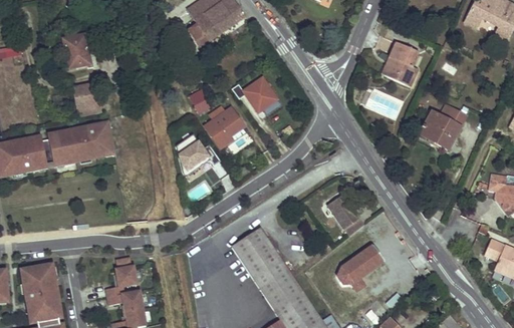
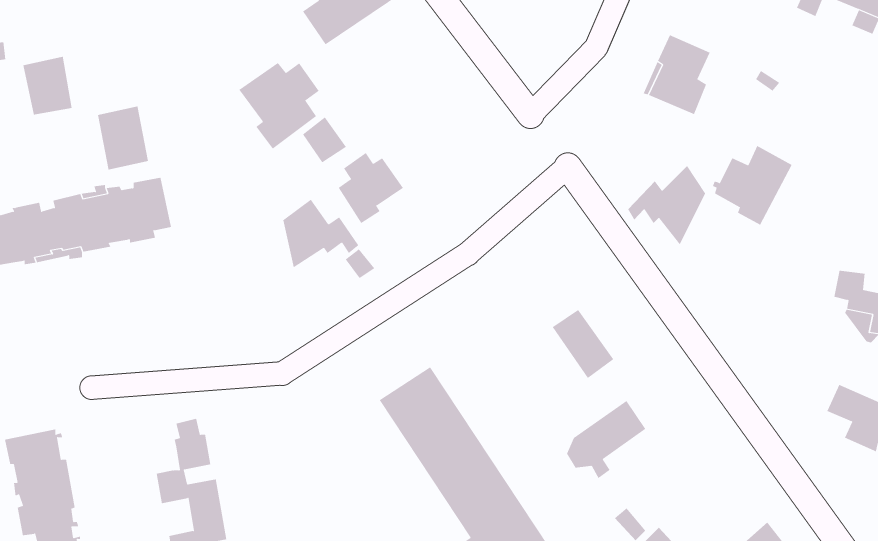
building: [62,34,90,67] -> [23,56,73,115]
building: none -> [238,62,319,149]
building: [241,75,277,111] -> none
building: none -> [627,165,706,245]

